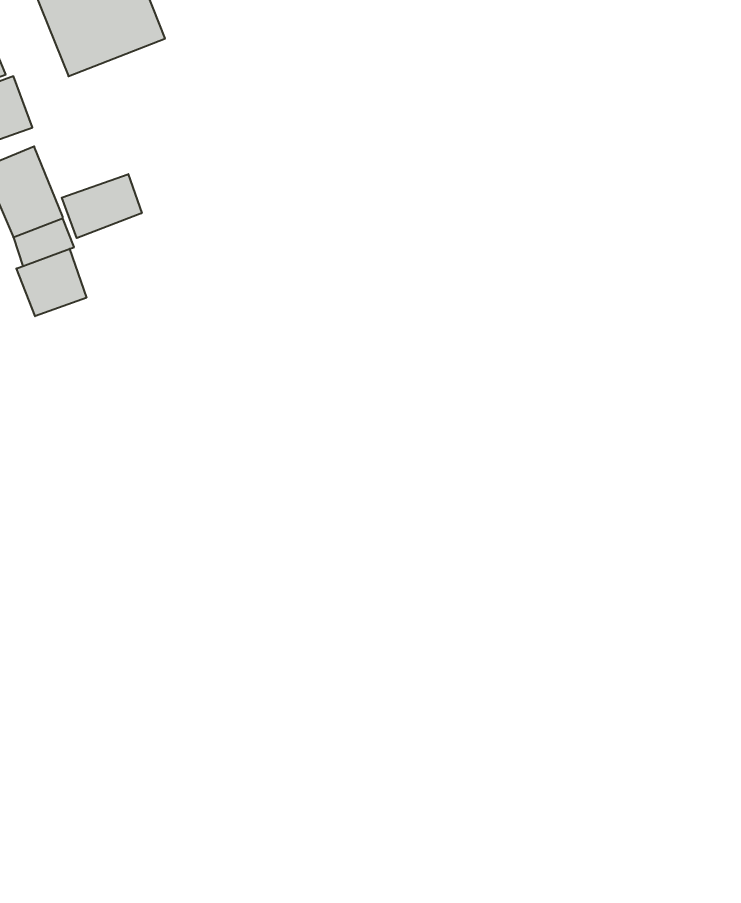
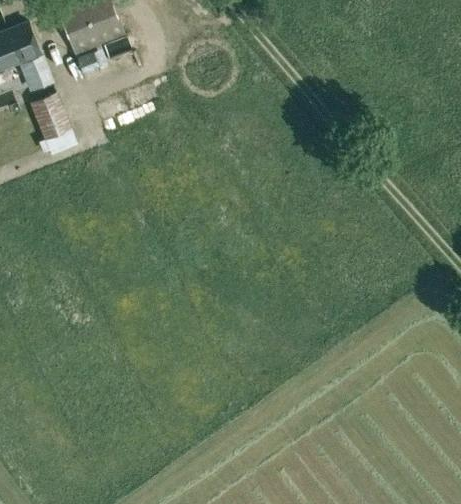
building: [62,174,142,238] -> none
building: [16,249,86,316] -> none

